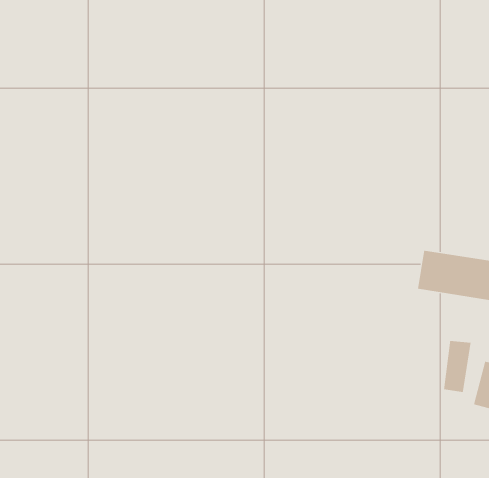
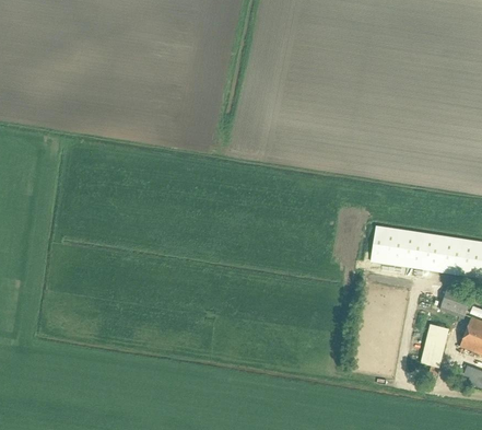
building: [443,340,471,393] -> none

